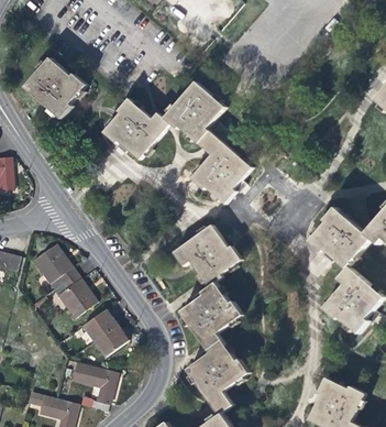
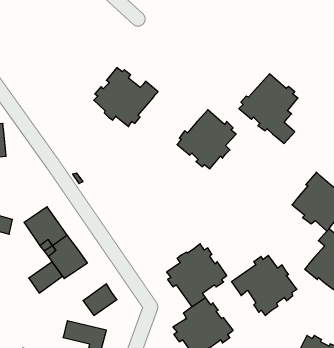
building: [25,57,88,119] -> none
building: [165,81,227,154] -> [239,74,298,143]
building: [174,225,242,287] -> [232,255,297,316]
building: [82,308,118,341] -> [29,261,62,293]

